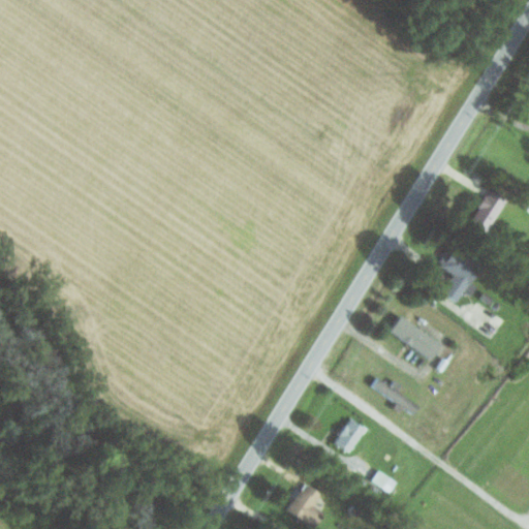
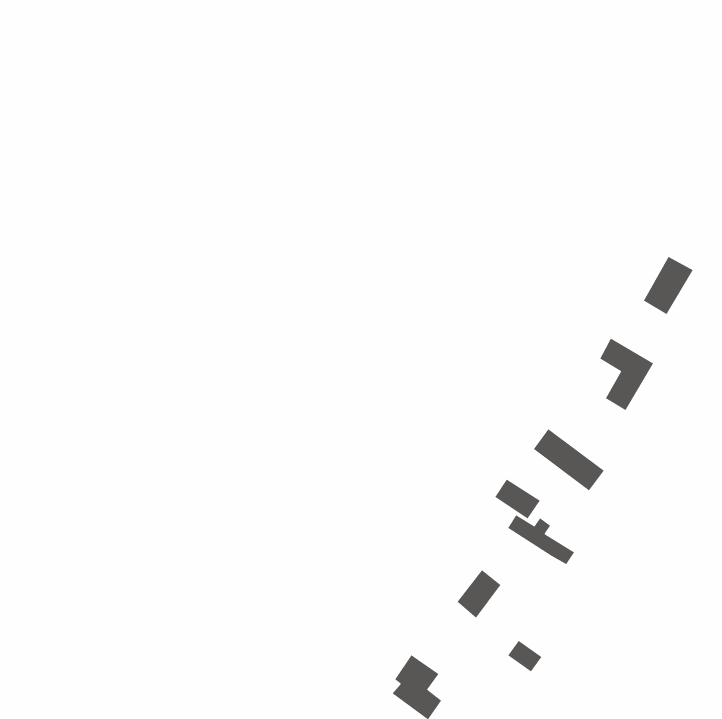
building: none -> [494,478,541,520]

